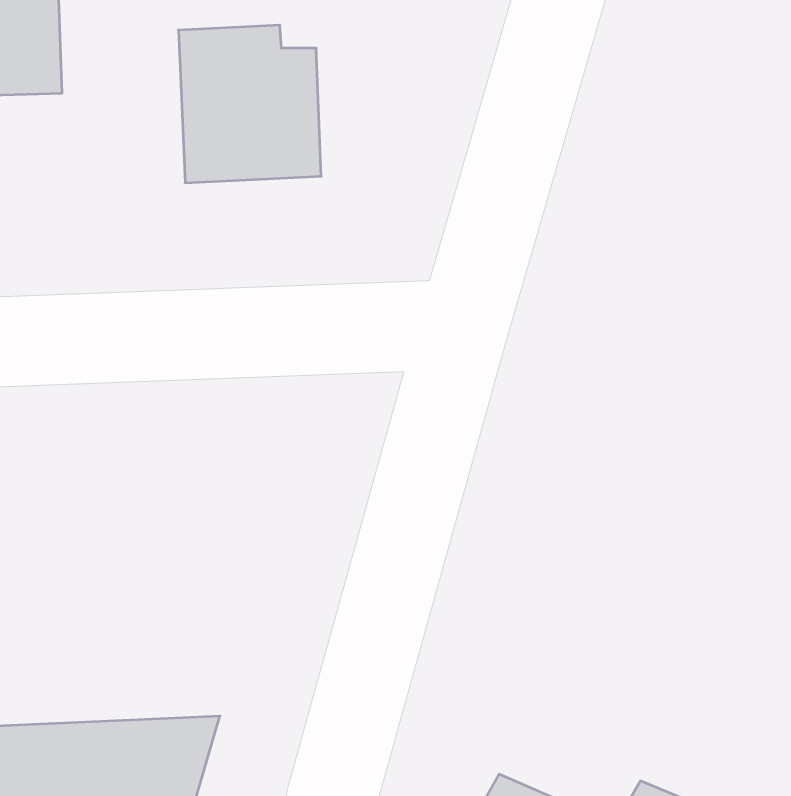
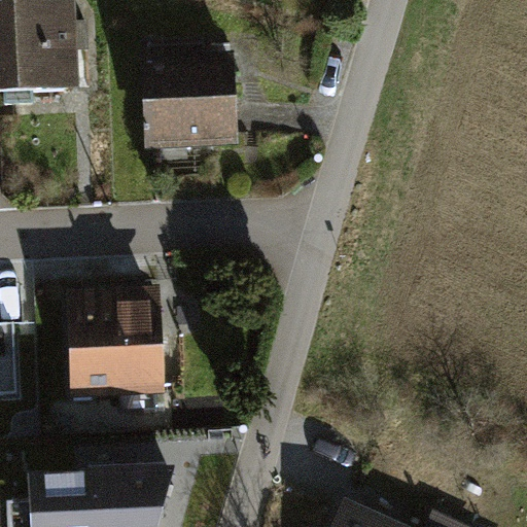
building: none -> [72,303,174,401]

